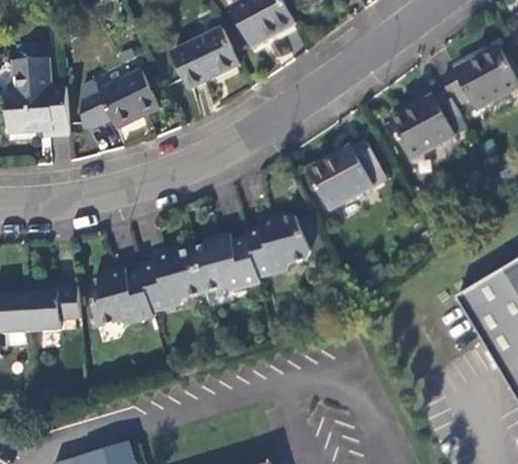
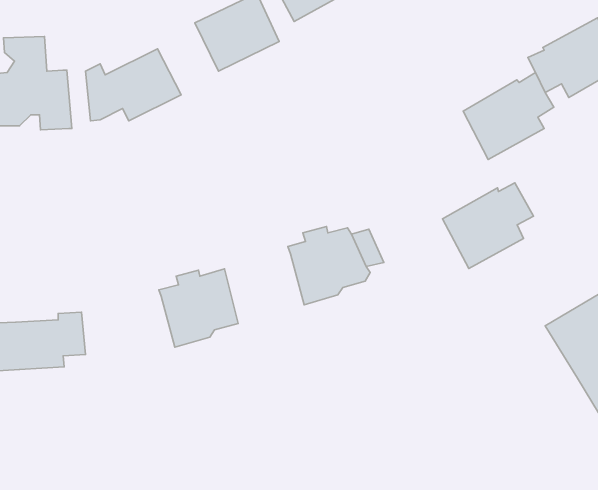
building: [307,141,380,210] -> [443,183,533,268]
building: [194,233,260,307] -> none
building: [94,267,155,327] -> none

